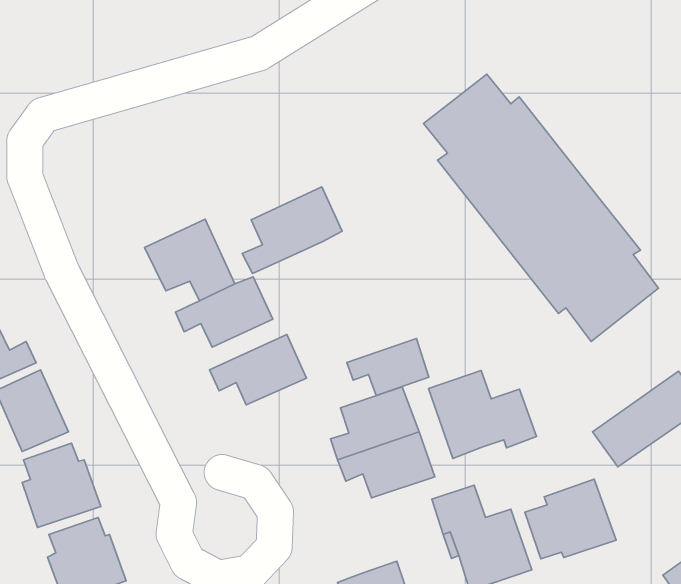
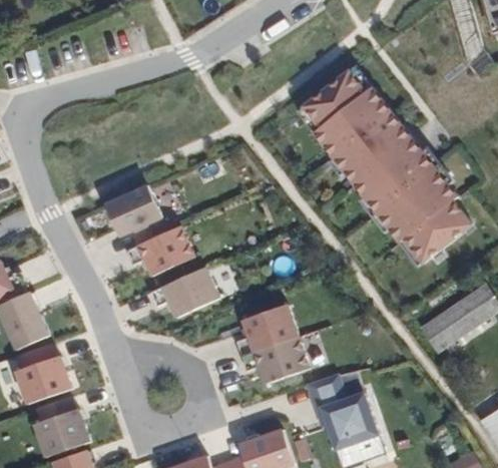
building: [242,187,342,274] -> none
building: [347,338,429,396] -> none
building: [428,370,536,458] -> none
building: [525,479,616,559] -> none

